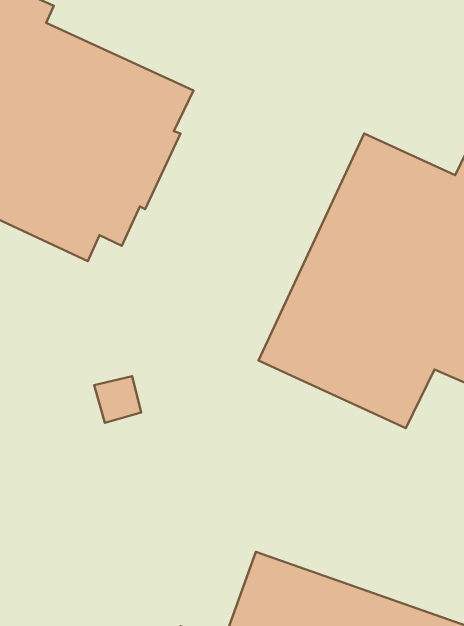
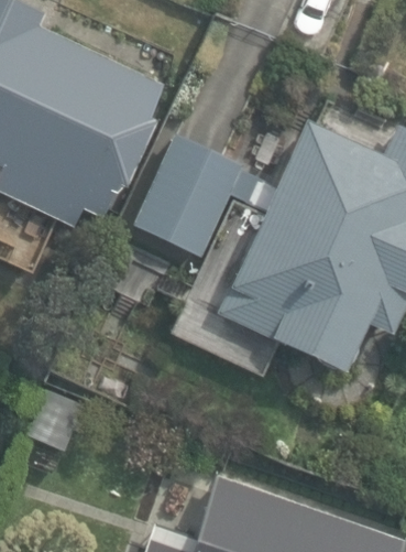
building: none -> [143,105,250,232]

